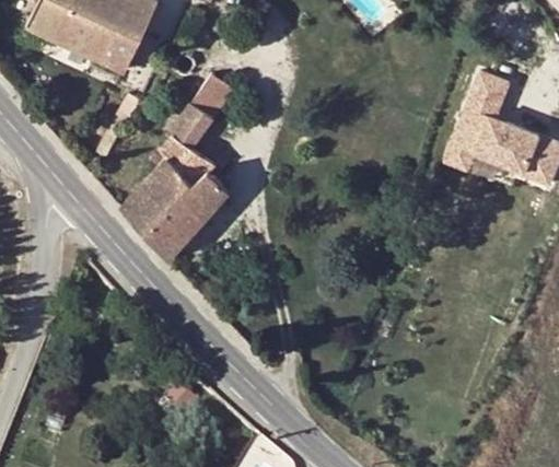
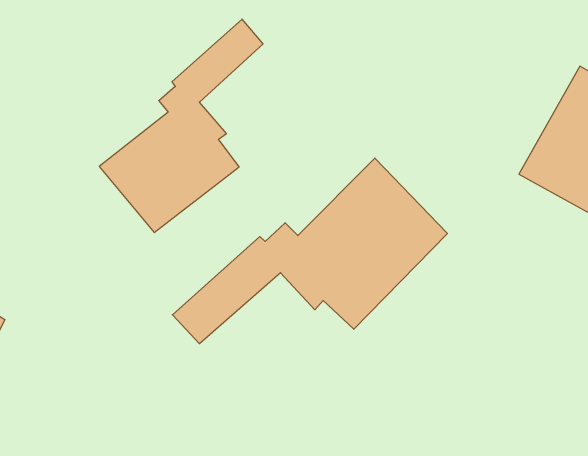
building: none -> [172,158,447,344]

